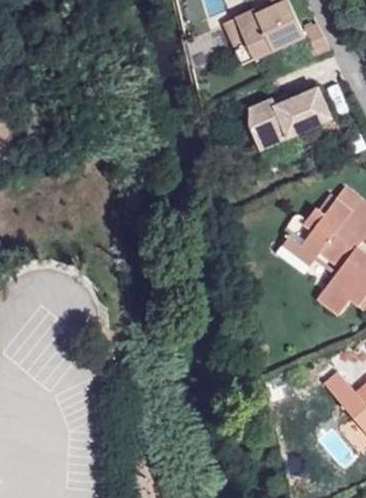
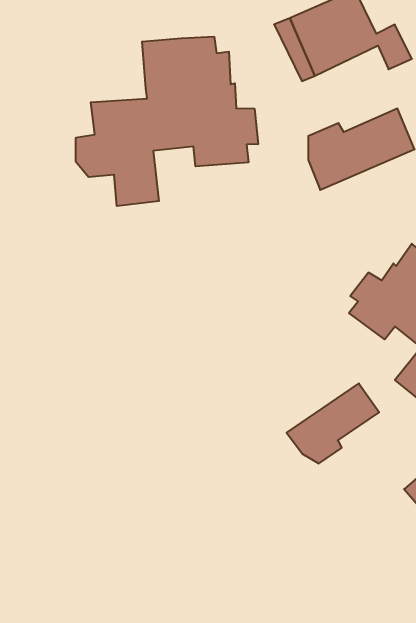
building: none -> [76,37,258,206]
building: none -> [287,383,379,464]

